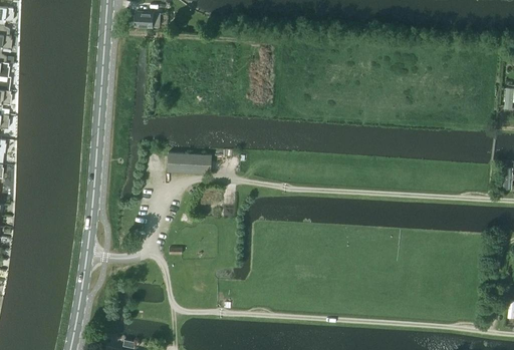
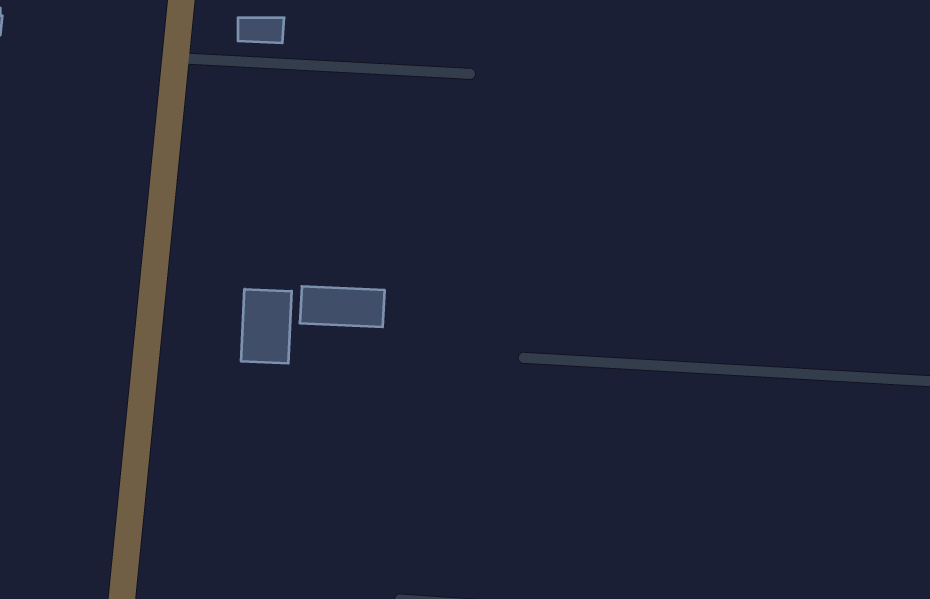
building: none -> [241,289,292,363]

